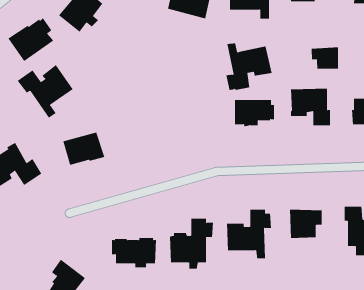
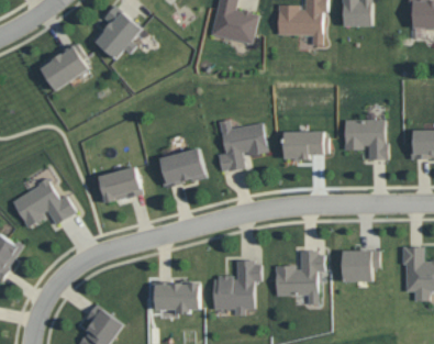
building: [226,43,272,90] -> [216,120,267,171]
building: [311,46,339,70] -> none
building: [17,64,73,119] -> none
building: none -> [158,148,204,188]

